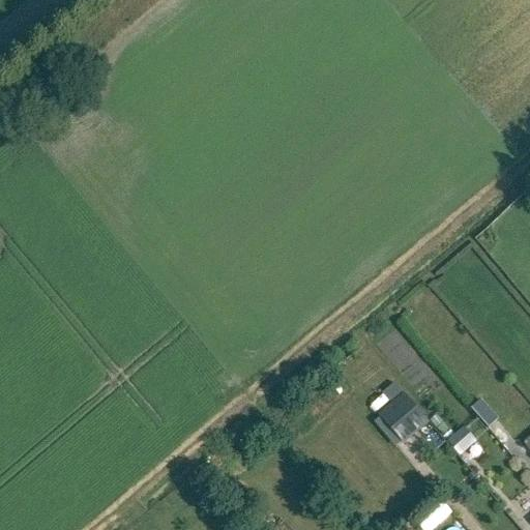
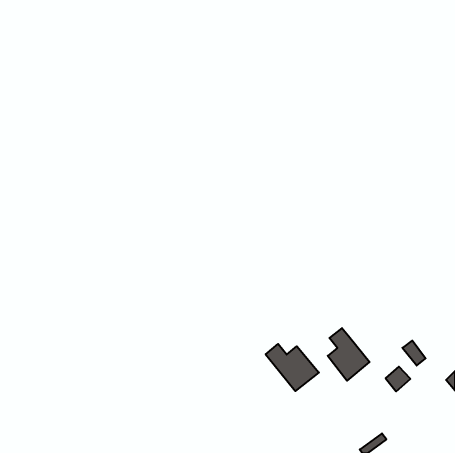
building: none -> [266,344,319,391]

